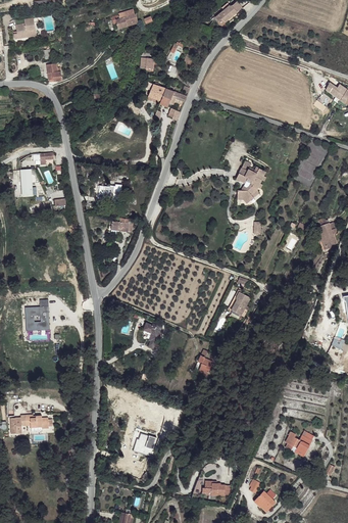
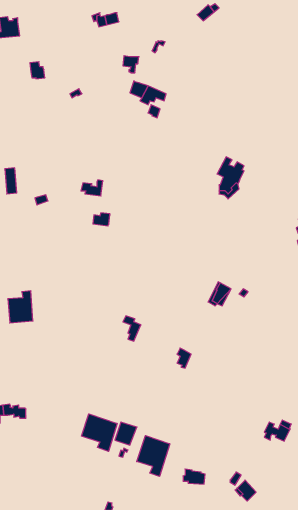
building: none -> [81,414,117,451]
building: none -> [137,436,170,476]

